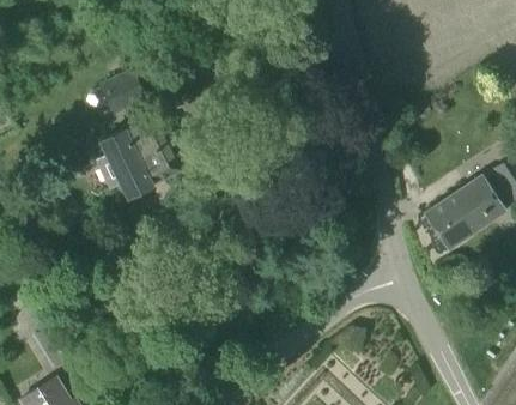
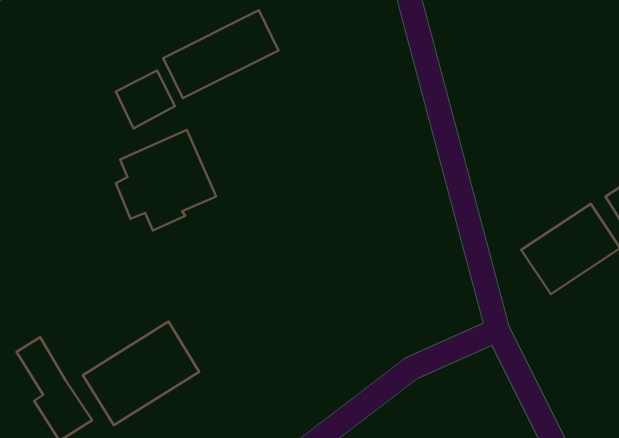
building: none -> [163,10,278,98]
building: none -> [83,322,199,425]

